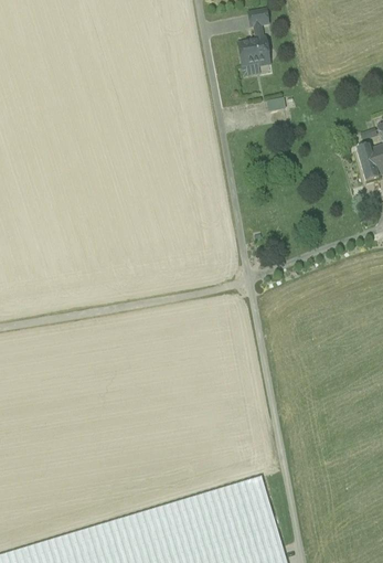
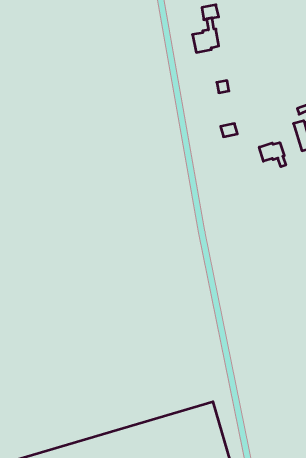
building: none -> [259,143,286,167]

